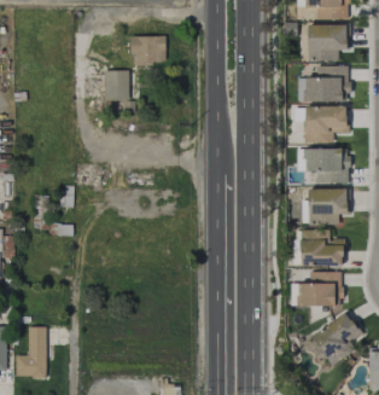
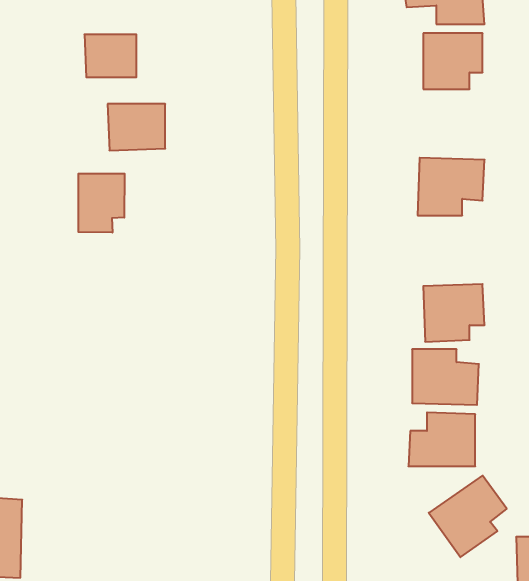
building: [132,35,165,63] -> [84,34,136,77]
building: [297,65,349,101] -> none
building: none -> [78,174,125,233]
building: [305,147,349,184] -> none

